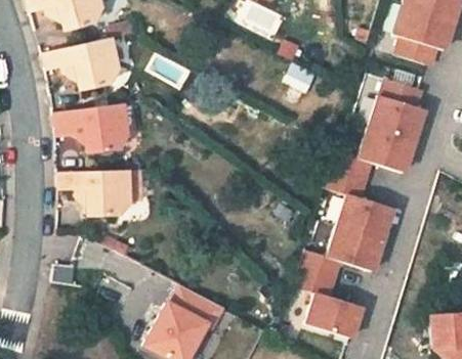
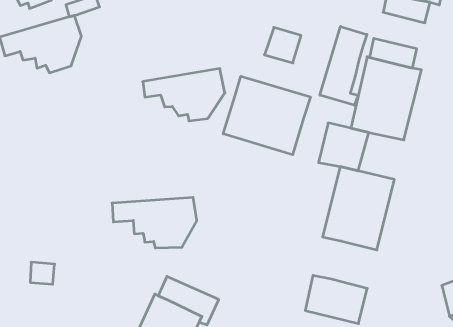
building: none -> [320,26,367,105]
building: none -> [223,76,310,155]
building: [50,104,125,150] -> [143,69,225,121]
building: [52,169,129,214] -> [112,197,197,248]
building: [303,254,342,297] -> none

